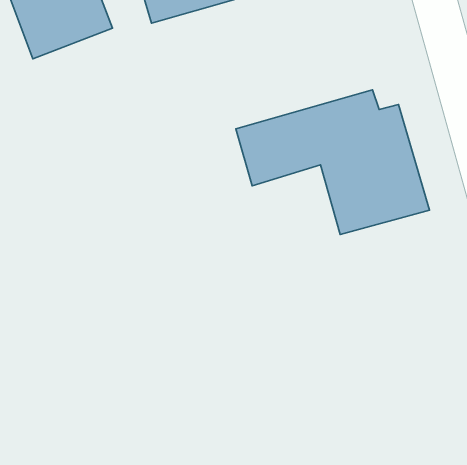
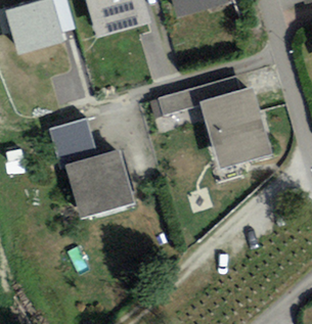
building: none -> [52,118,135,215]

